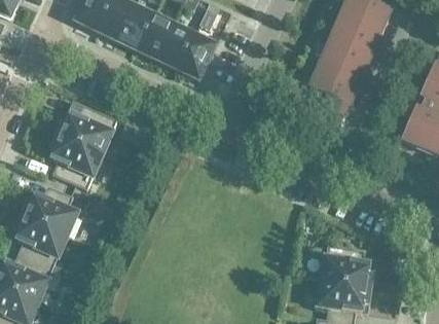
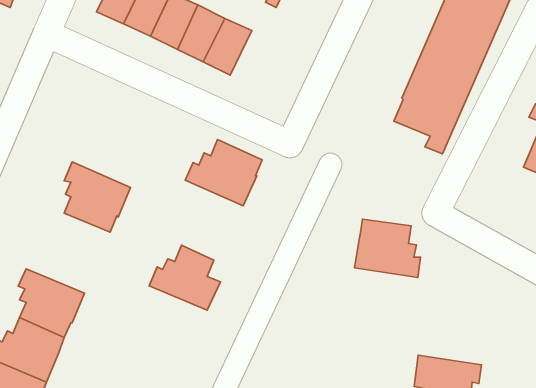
building: [178,36,214,79] -> none
building: [58,105,116,155] -> [185,139,262,206]
building: [23,186,77,236] -> [149,245,221,310]
building: [321,246,371,290] -> [354,219,421,277]

